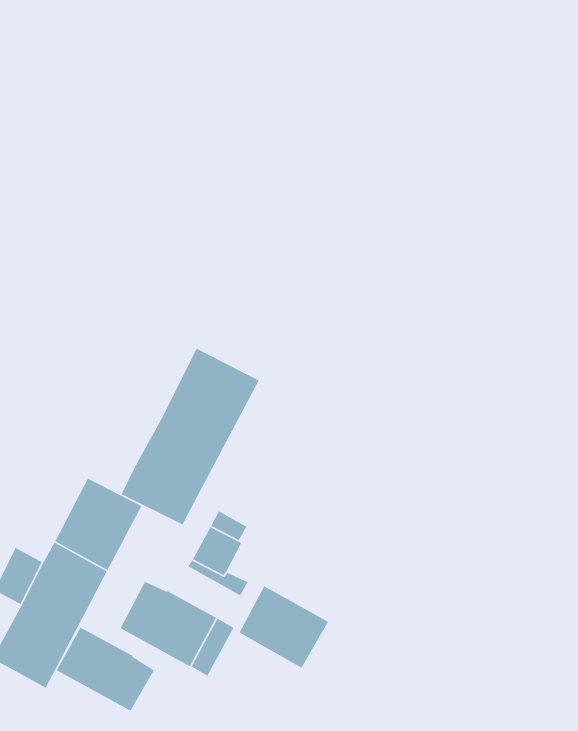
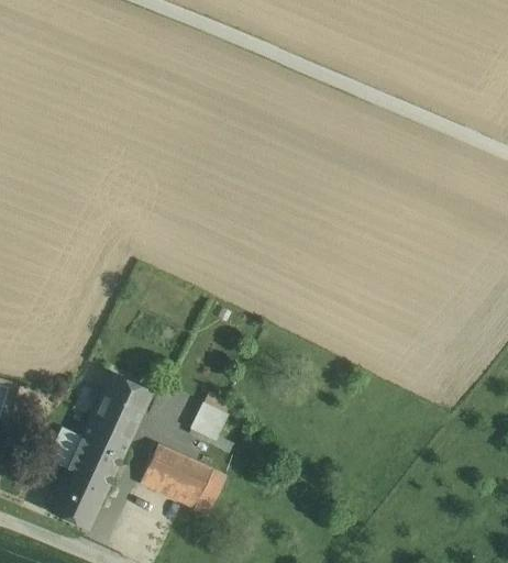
building: [121,348,260,526] -> none
building: [238,585,329,669] -> none
building: [56,627,155,712] -> none

